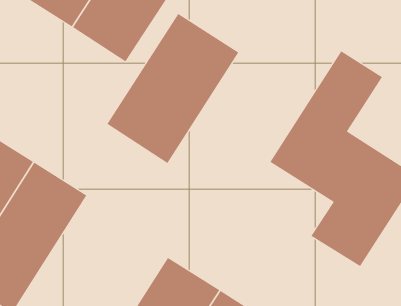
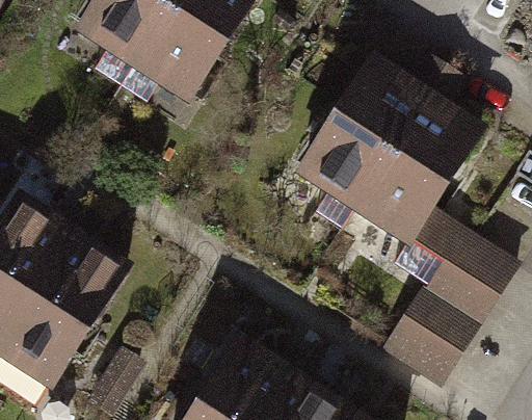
building: [106,13,239,164] -> [278,56,433,232]

